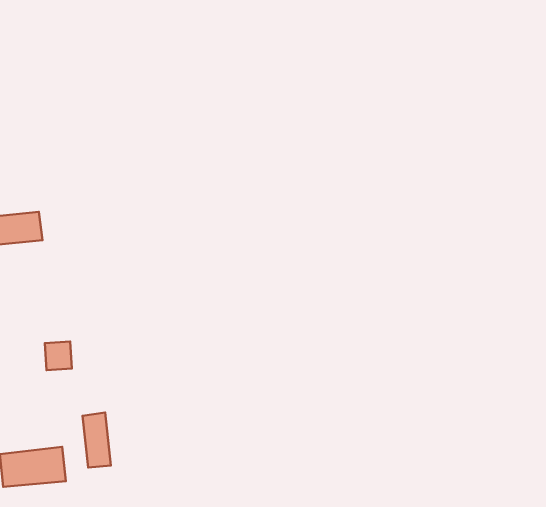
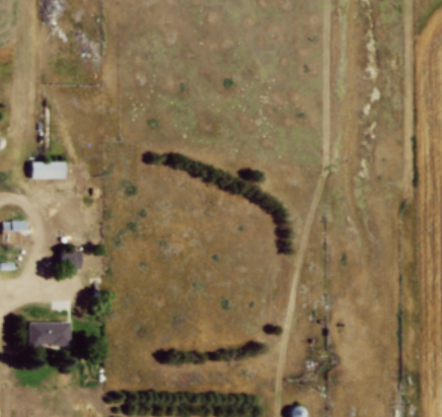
building: [83,413,111,467] -> none

